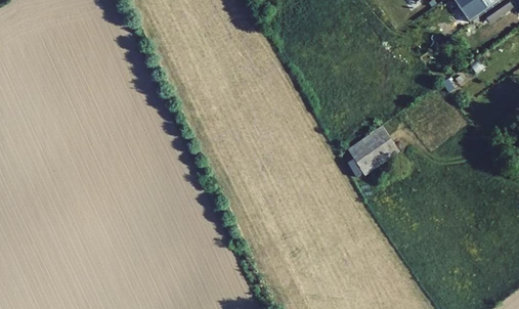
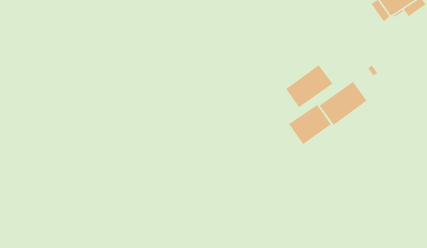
building: none -> [285,64,334,108]
building: none -> [318,81,367,126]

